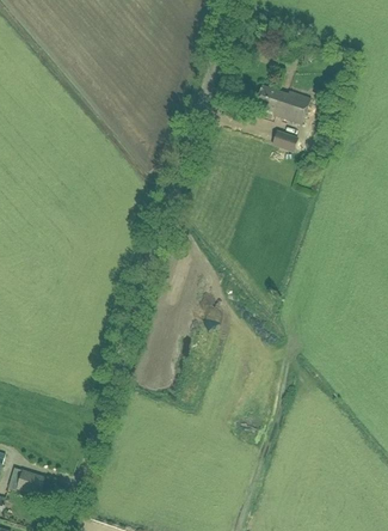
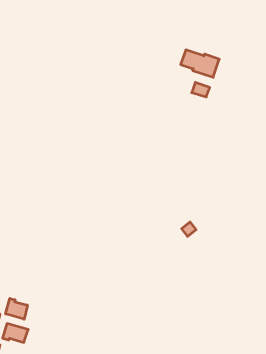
building: none -> [6,298,27,319]

